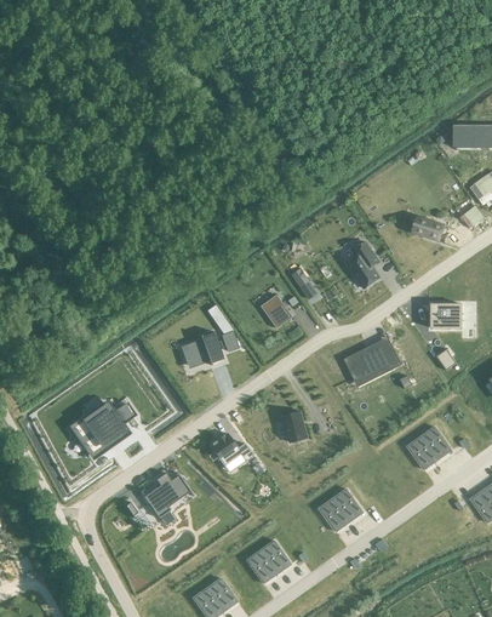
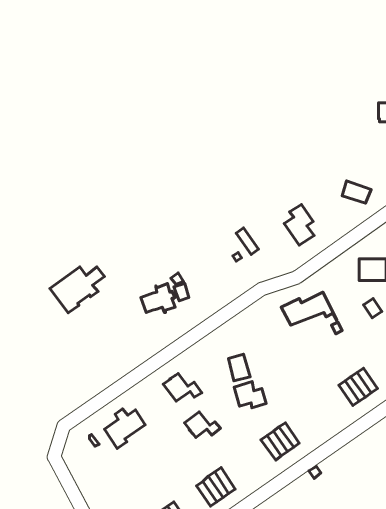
building: [261,295,292,327] -> none
building: [71,402,133,455] -> [50,267,104,313]
building: none -> [234,382,266,408]
building: none -> [185,412,221,437]

